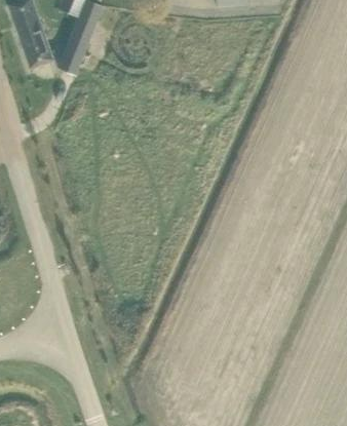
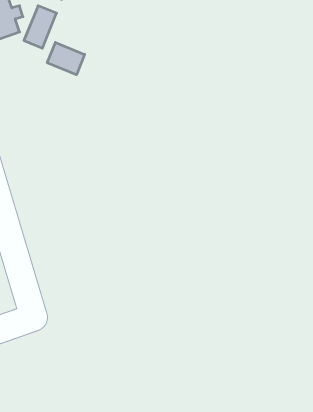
building: none -> [47,42,85,75]

